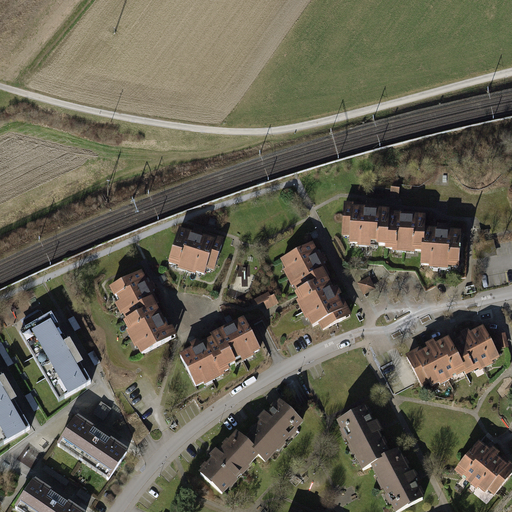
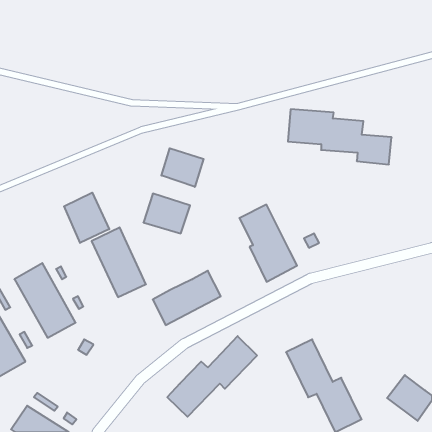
building: none -> [161,148,204,187]
building: [340,205,462,270] -> [288,109,392,164]
building: none -> [64,193,109,243]
building: [404,324,497,387] -> none
building: [55,414,126,478] -> none

